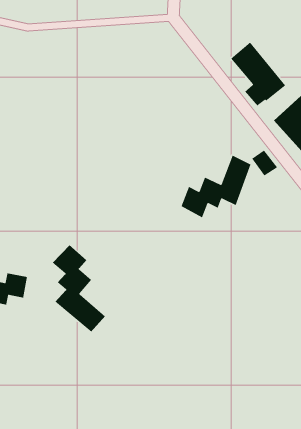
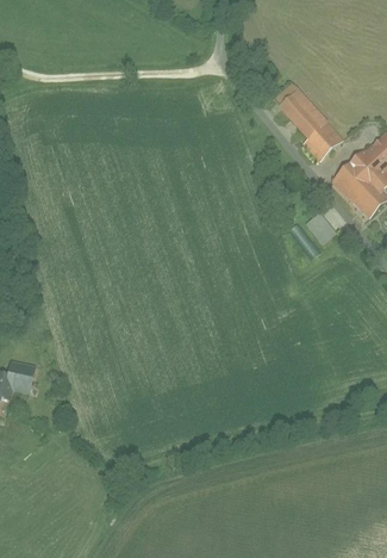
building: [180,154,252,219] -> none
building: [52,245,106,332] -> none

